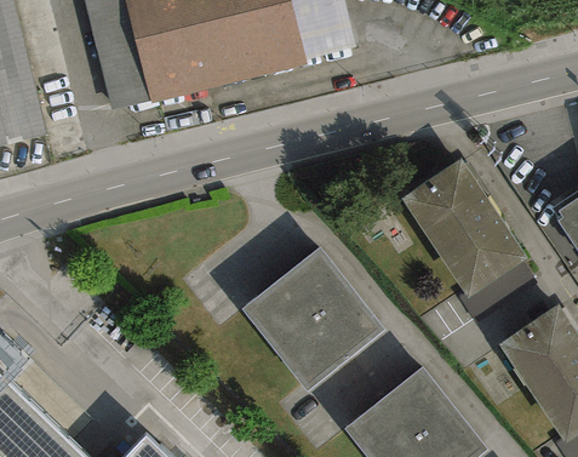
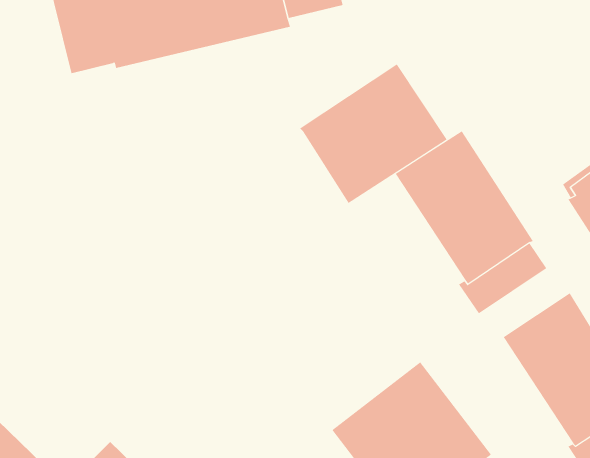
building: none -> [299,63,448,204]
building: [240,247,382,390] -> none

